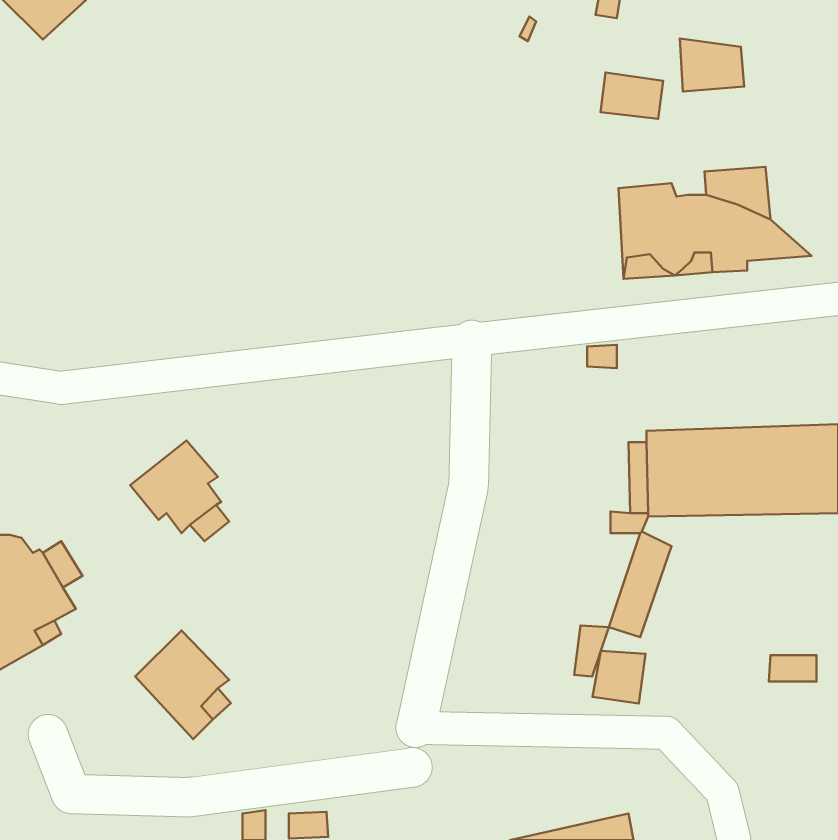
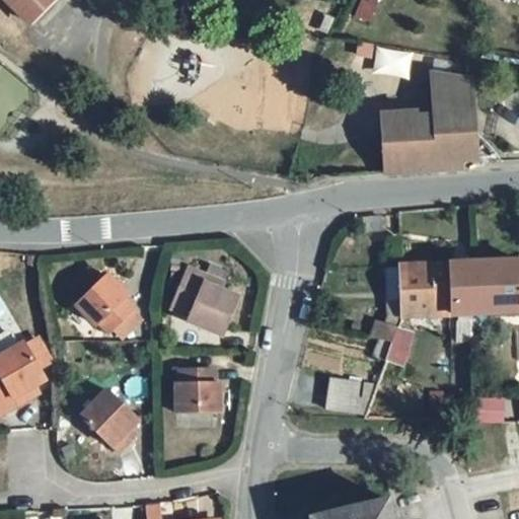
building: [680,39,744,91] -> [431,73,470,105]
building: none -> [171,263,236,333]
building: none -> [175,370,219,416]
building: [593,651,645,704] -> [324,382,357,415]

